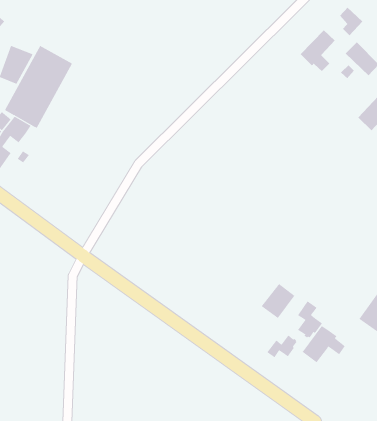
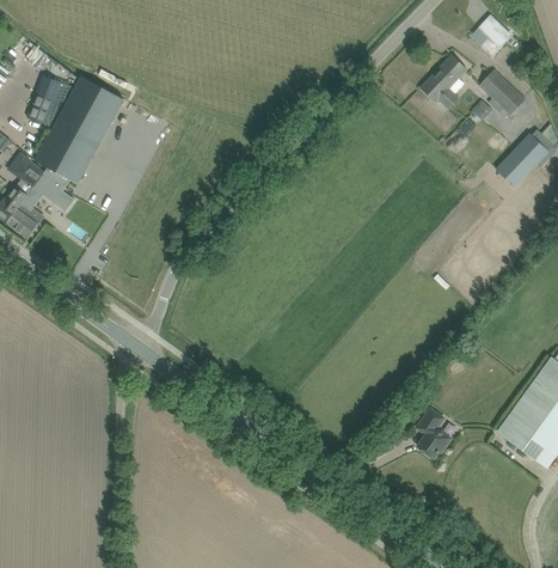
building: [261,283,295,319] -> none
building: [302,325,346,363] -> none
building: [267,334,297,358] -> none

